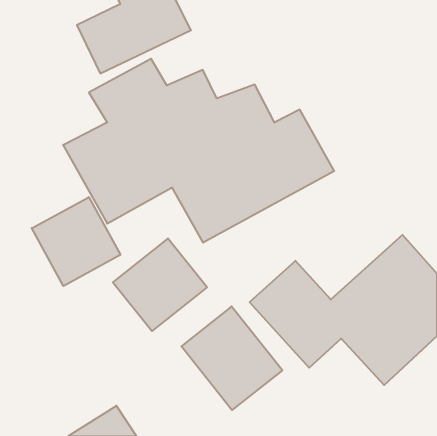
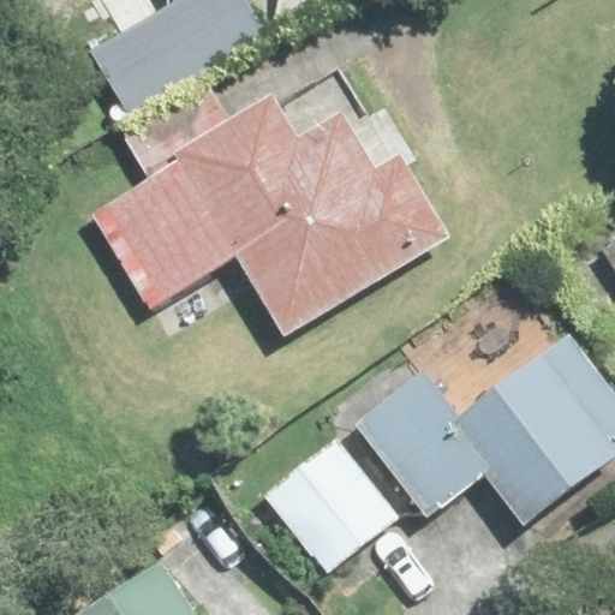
building: [32,197,120,286] -> none
building: [113,238,207,331] -> none

